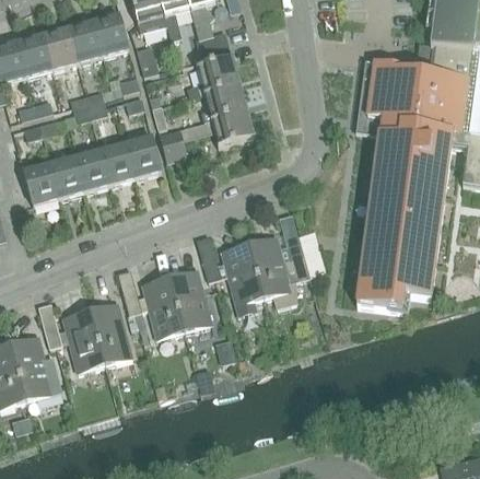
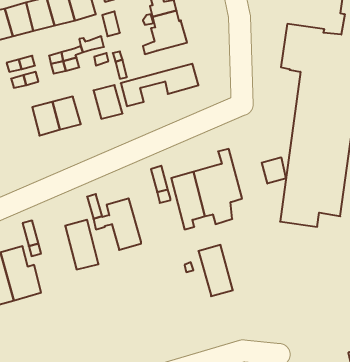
building: [203,83,247,119] -> none
building: [99,142,134,184] -> none
building: [23,163,58,205] -> none
building: none -> [262,157,286,184]
building: [168,268,211,331] -> [198,245,233,296]
building: [62,309,104,371] -> none

